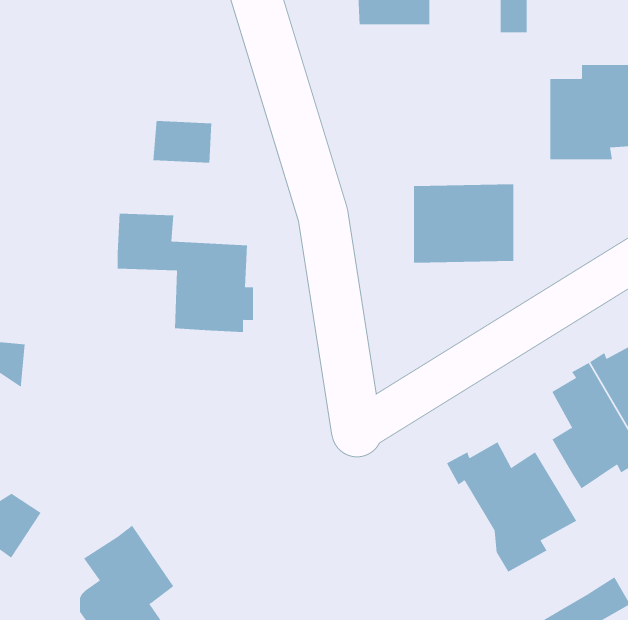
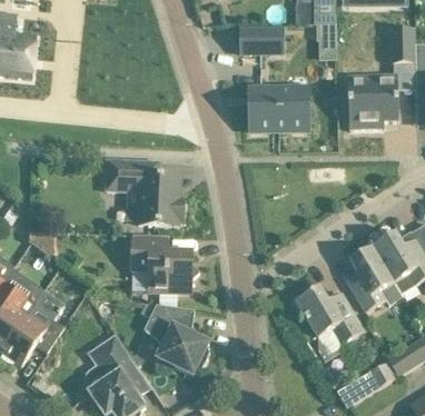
building: [153,120,212,164] -> none
building: [413,184,514,263] -> [250,86,307,130]
building: none -> [129,234,199,291]
building: none -> [145,304,208,374]

